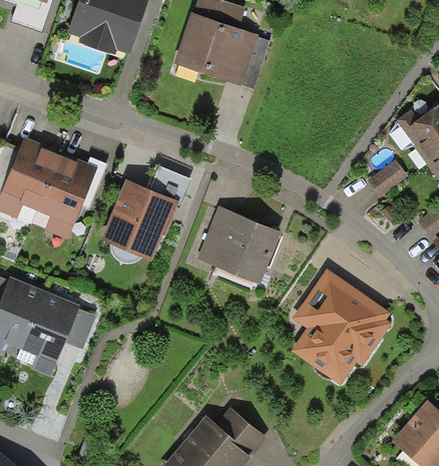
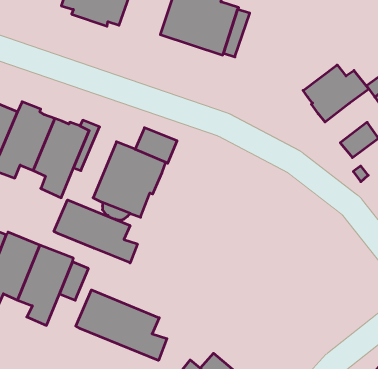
building: none -> [303,65,369,122]
building: [197,206,282,285] -> none
building: none -> [54,200,137,263]
building: [291,269,391,385] -> none
building: none -> [76,290,167,360]

